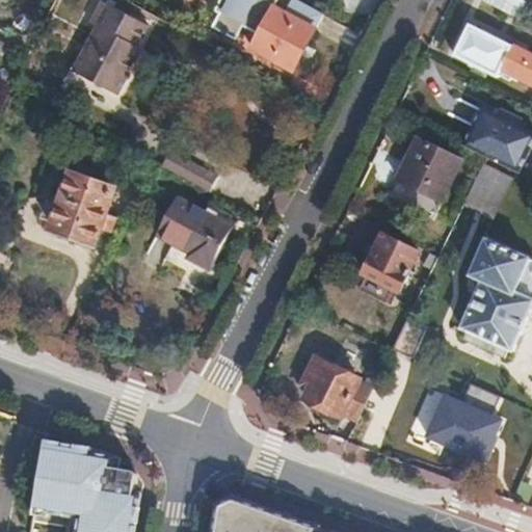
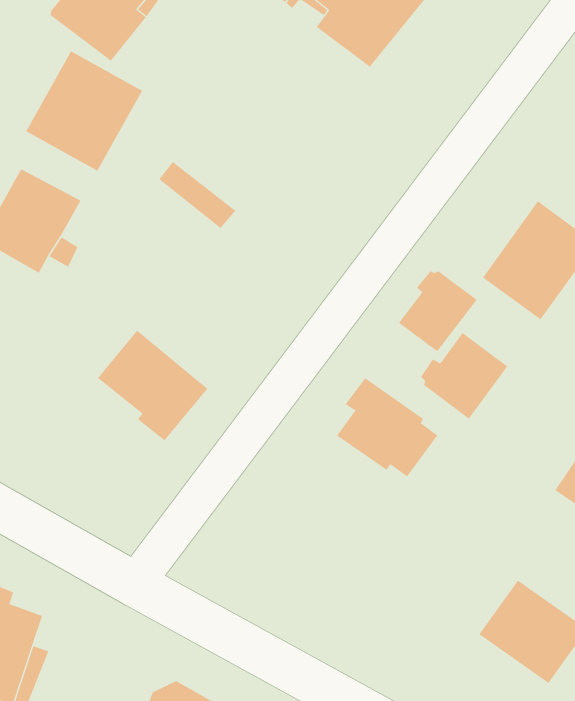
building: none -> [25,51,143,172]
building: none -> [398,270,477,352]
building: [155,196,230,267] -> [97,330,208,441]
building: [300,355,368,417] -> [336,378,438,477]

